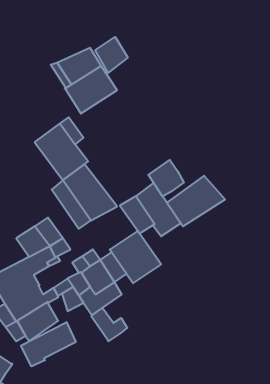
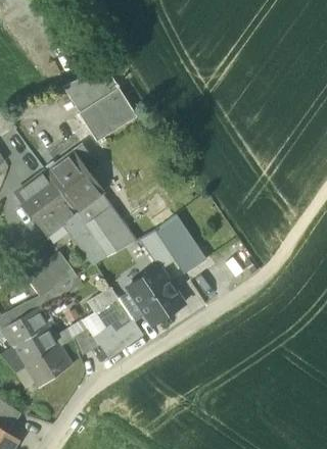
building: [95,37,128,73] -> none
building: none -> [15,171,77,235]
building: [148,160,184,196] -> none
building: [167,176,225,226] -> none
building: [91,308,127,341] -> none
building: [21,322,76,366] -> none

